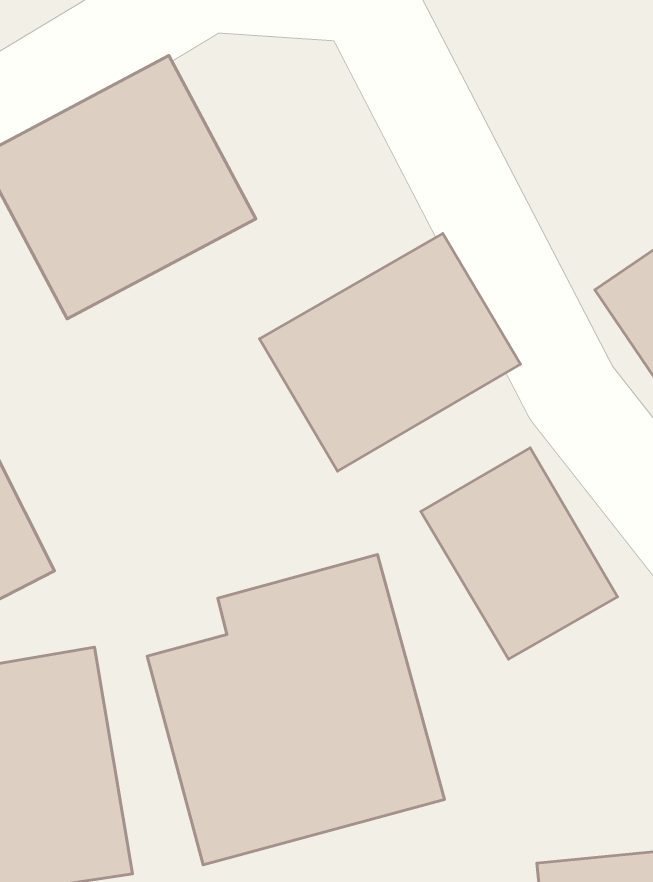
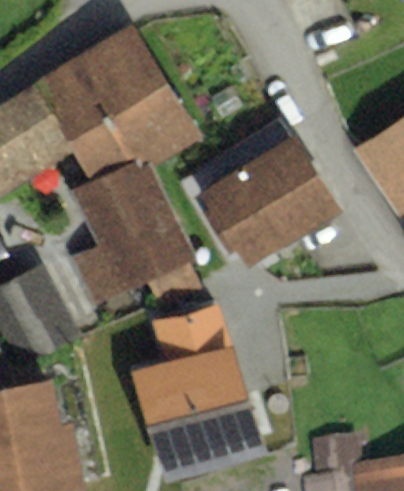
building: none -> [83,160,202,297]
building: [421,448,617,659] -> none

